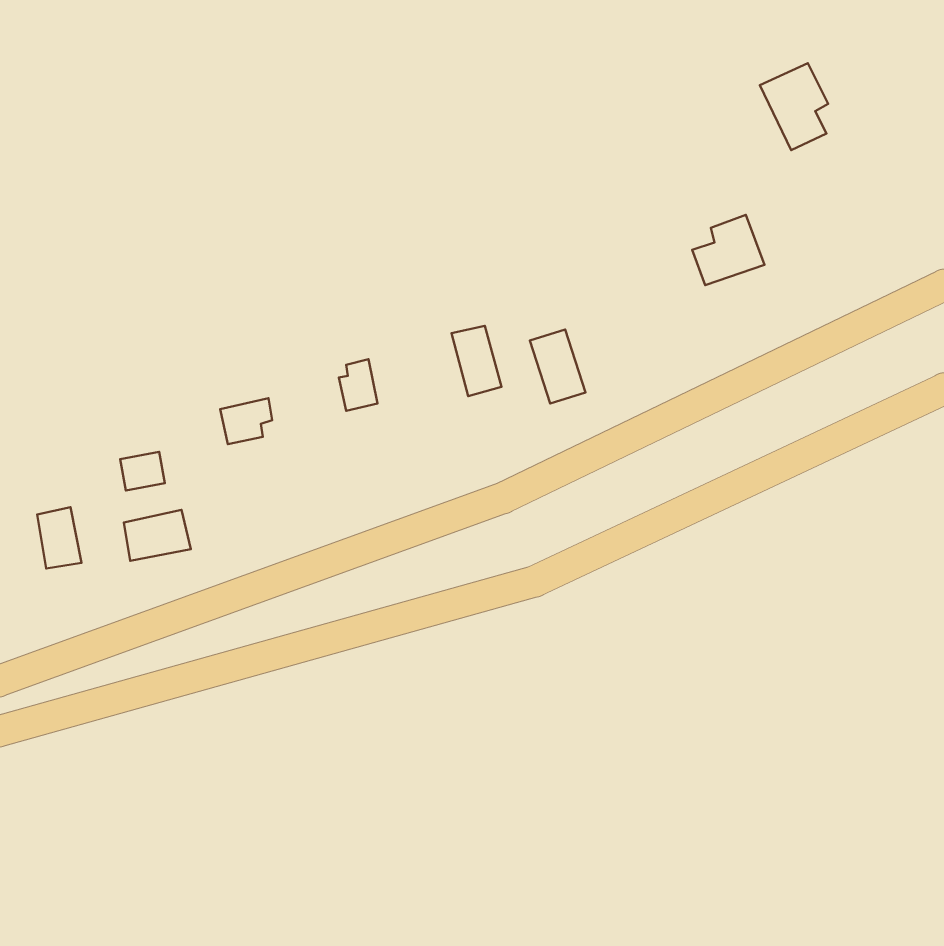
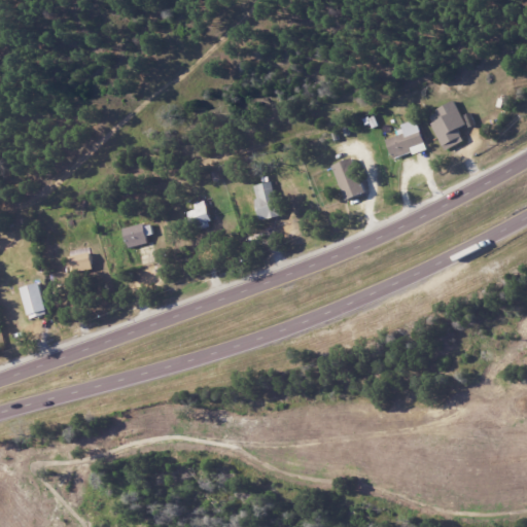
building: [760,63,828,150] -> [426,101,464,149]
building: [530,329,585,404] -> [332,157,363,199]
building: [124,510,191,561] -> none

